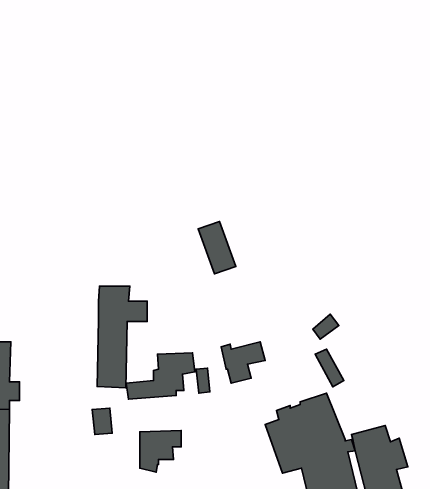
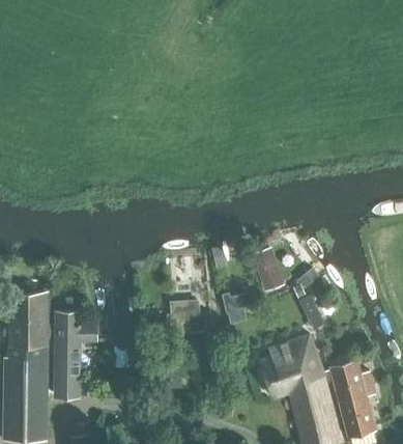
building: [198,221,236,274] -> [253,248,284,292]
building: [97,286,147,388] -> [55,312,96,396]

